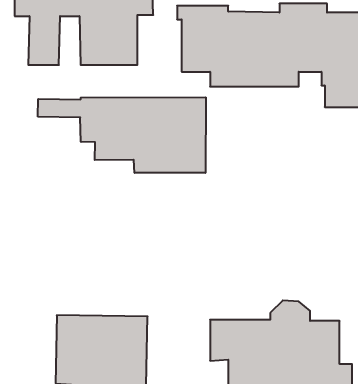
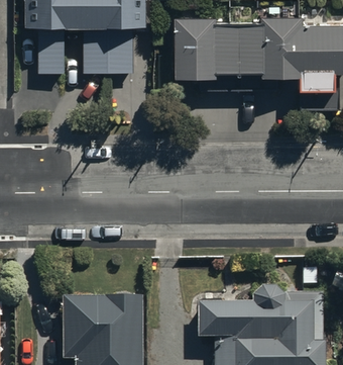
building: [38,97,206,173] -> none

